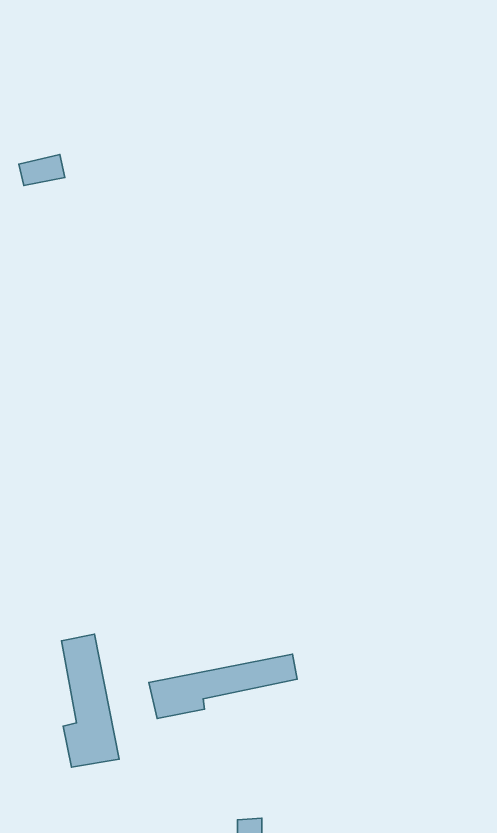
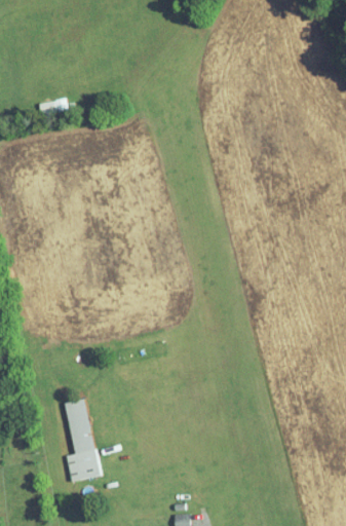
building: [149,654,297,718] -> none

